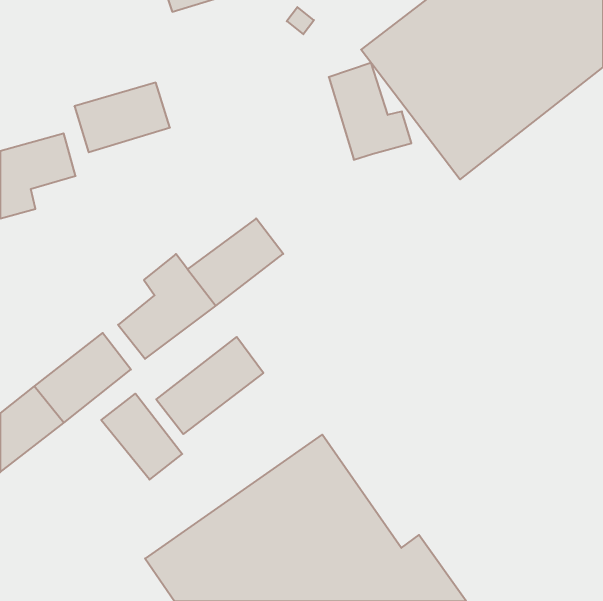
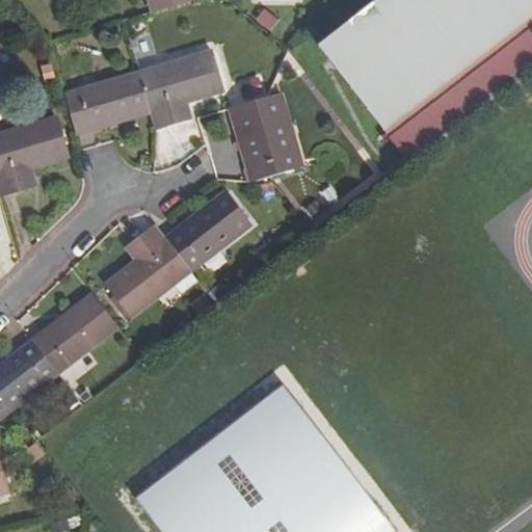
building: none -> [137,51,223,129]
building: [329,63,411,160] -> [230,96,302,181]
building: [156,337,263,434] -> none
building: [101,394,182,480] -> none

